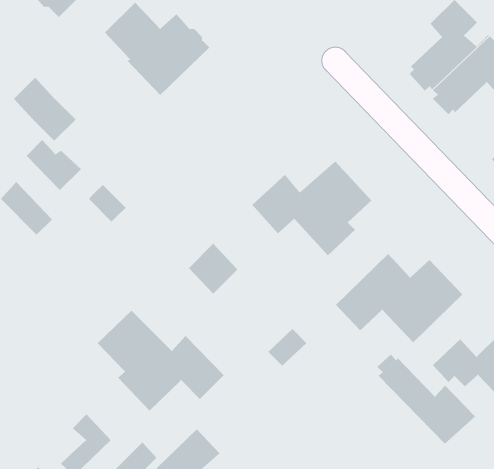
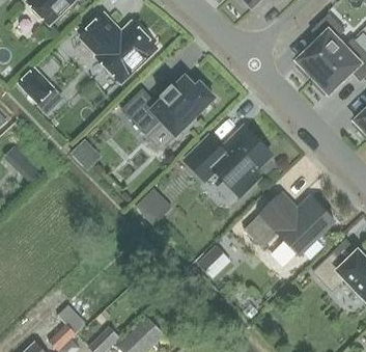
building: none -> [121,77,214,135]
building: [26,139,82,191] -> none
building: [97,310,225,412] -> none
building: [377,354,476,445] -> none

